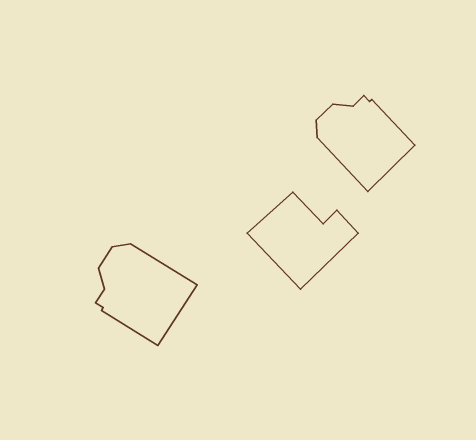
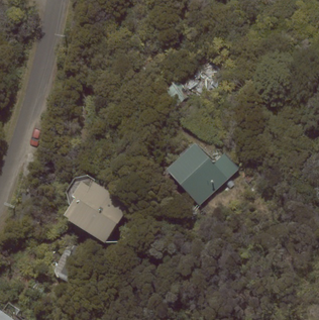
building: [316,95,415,192] -> none

